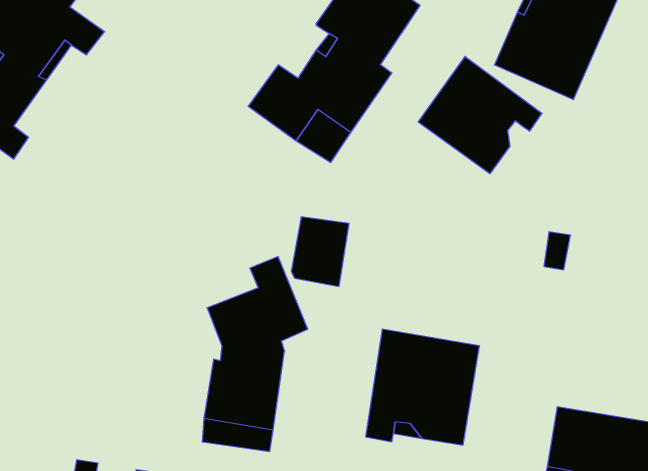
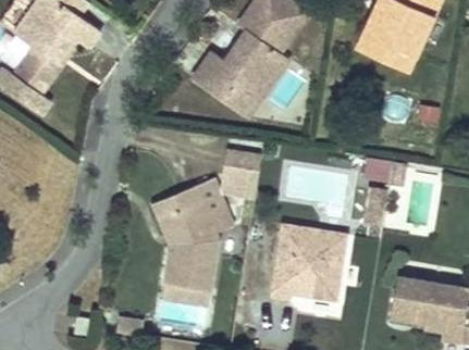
building: [418,56,542,174] -> none
building: none -> [152,184,199,245]

